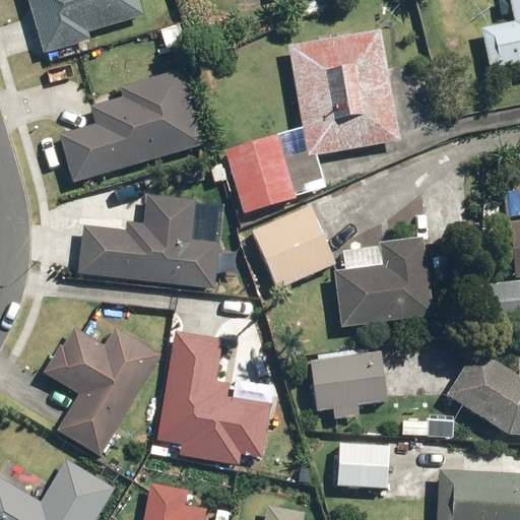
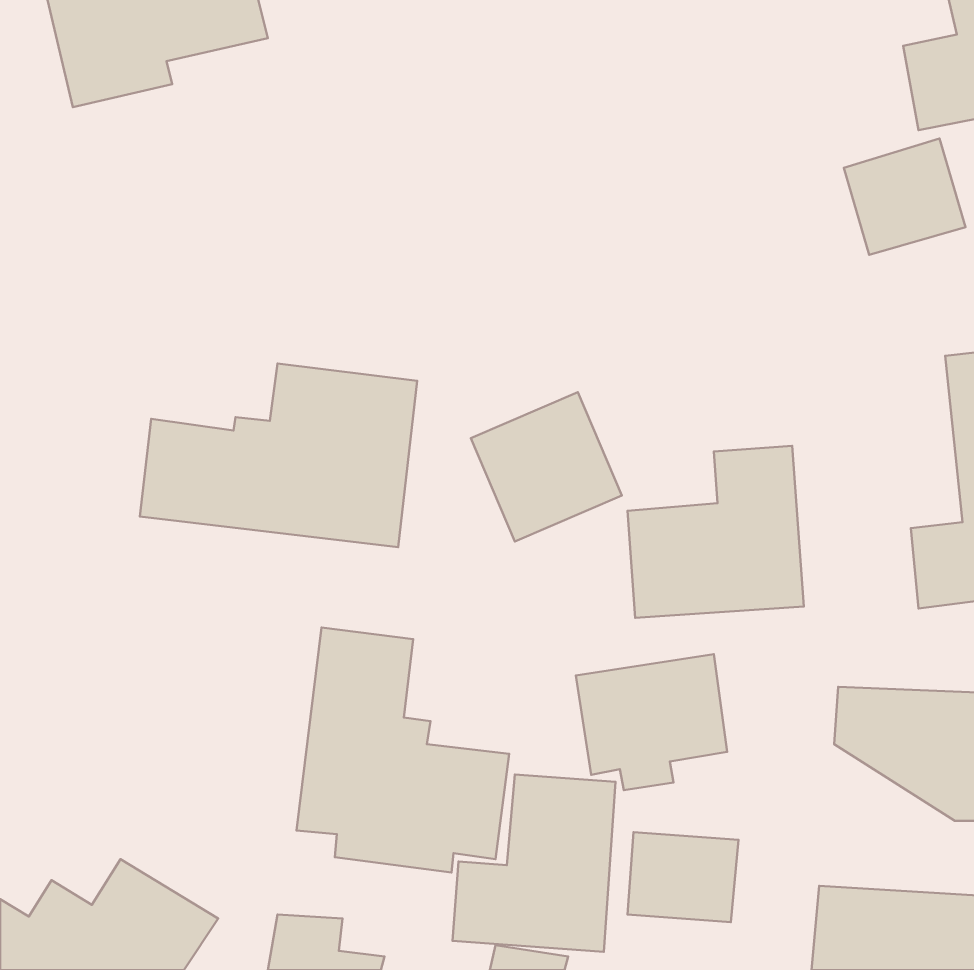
building: [225,28,404,213] -> none
building: [59,68,204,183] -> none
building: none -> [844,138,965,255]
building: [47,325,160,457] -> none
building: none -> [453,774,616,952]

